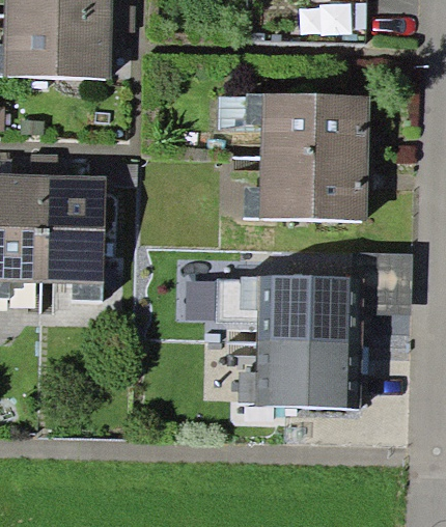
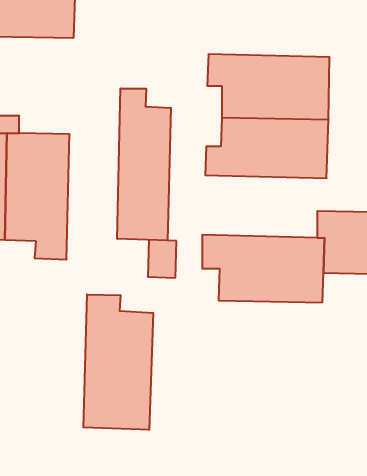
building: none -> [117,88,171,240]
building: none -> [83,294,153,430]
building: [235,342,361,408] -> none

